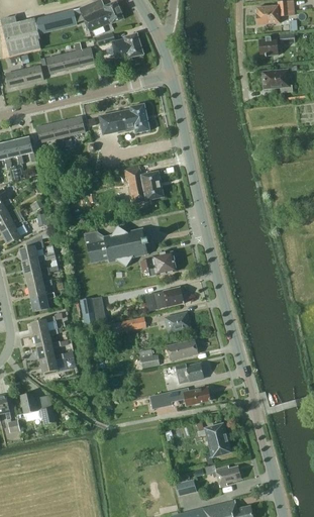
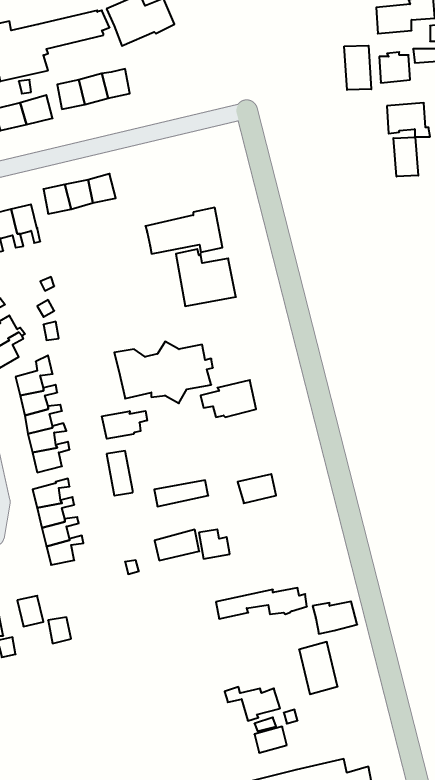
building: none -> [344,46,371,90]
building: [97,32,143,59] -> none
building: none -> [393,137,418,177]
building: [99,104,149,134] -> [145,208,222,254]
building: none -> [102,411,147,439]
building: [154,287,184,308] -> none
building: [168,339,197,359] -> [155,530,199,560]
building: [175,363,204,384] -> [313,601,357,634]
building: [205,464,241,487] -> [225,687,280,721]

